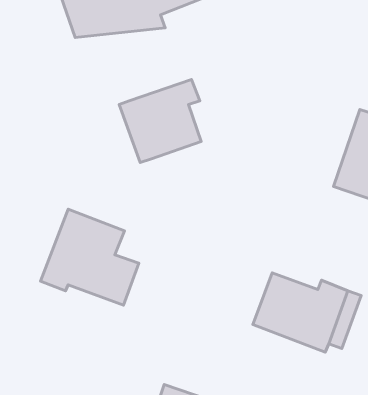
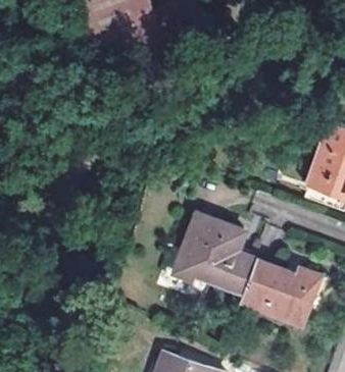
building: [119,79,201,163] -> none
building: [40,209,139,305] -> [171,212,255,294]

